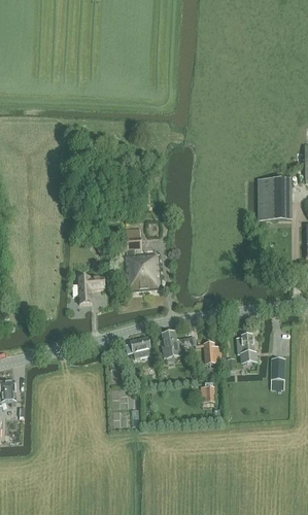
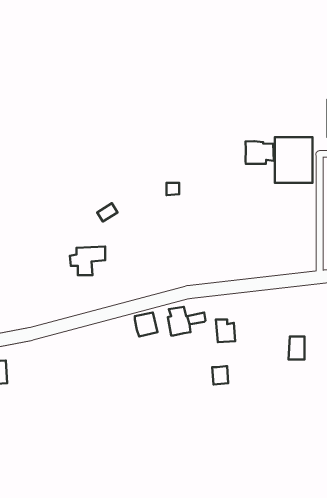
building: none -> [245,141,274,164]
building: [123,229,162,291] -> none
building: [237,335,255,363] -> none

